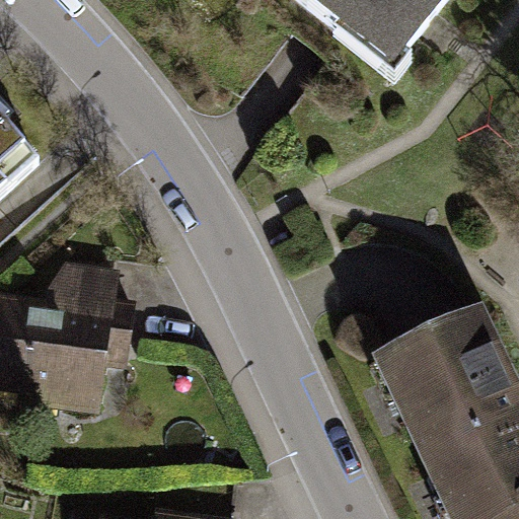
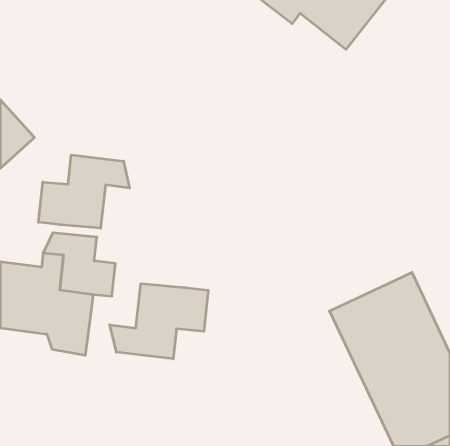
building: none -> [38,155,130,228]
building: none -> [110,284,208,359]

